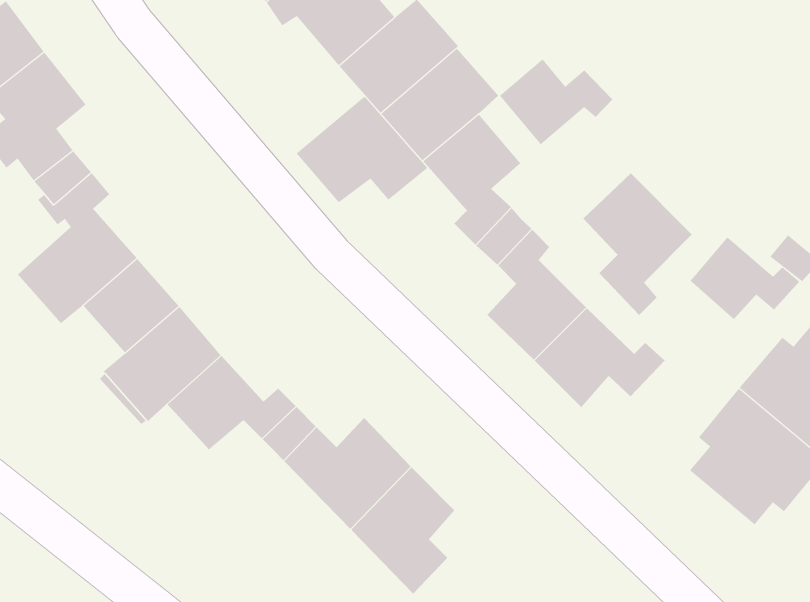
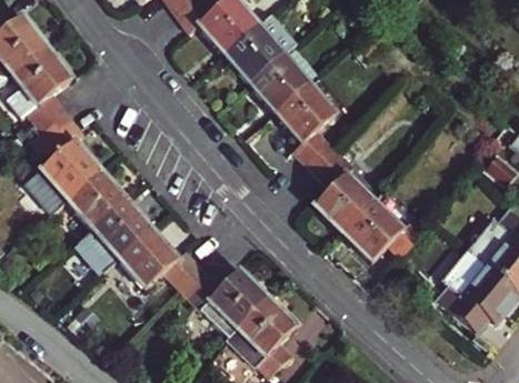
building: [499,58,613,145] -> none
building: [296,97,428,203] -> none
building: [583,173,693,316] -> none
building: [690,237,800,320] -> none

